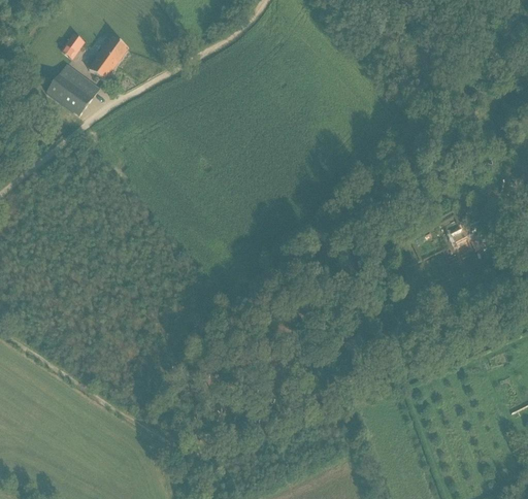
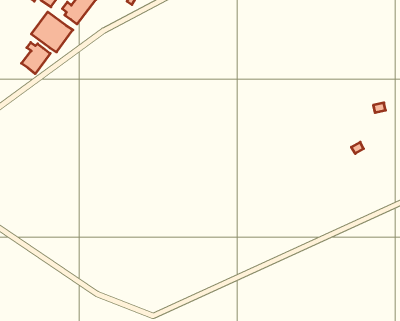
building: none -> [21,42,50,74]

